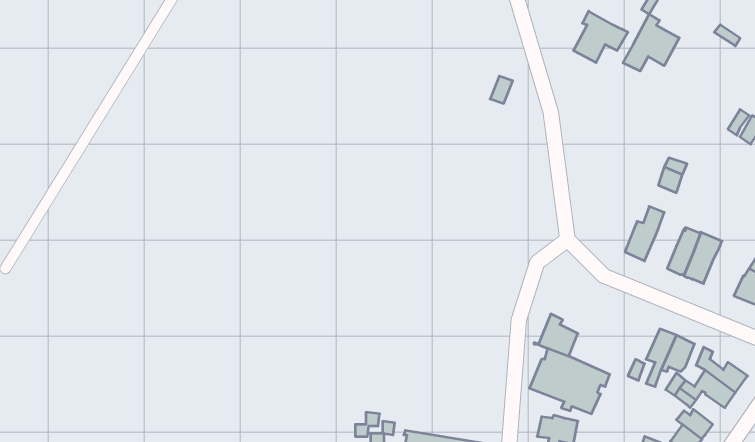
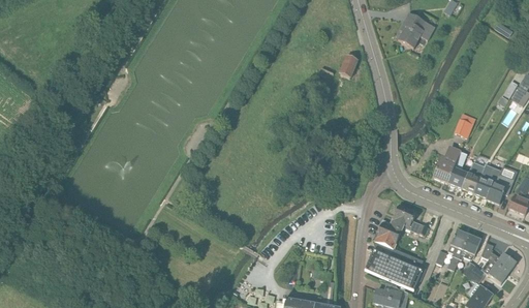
building: [623,14,679,71] -> none
building: none -> [446,150,468,188]
building: none -> [487,173,514,204]
building: none -> [388,205,427,237]

